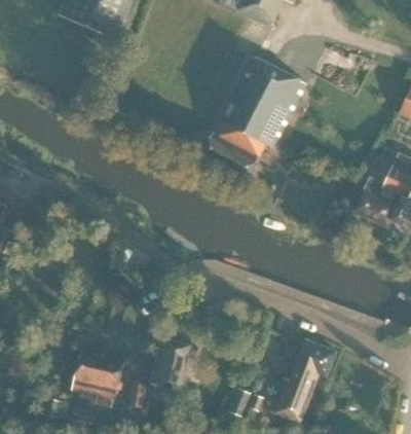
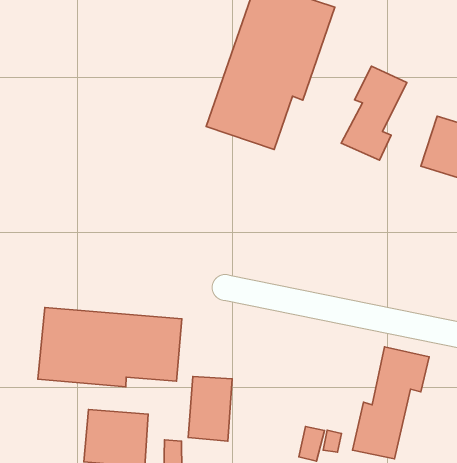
building: none -> [341,66,407,160]
building: none -> [38,308,182,387]

